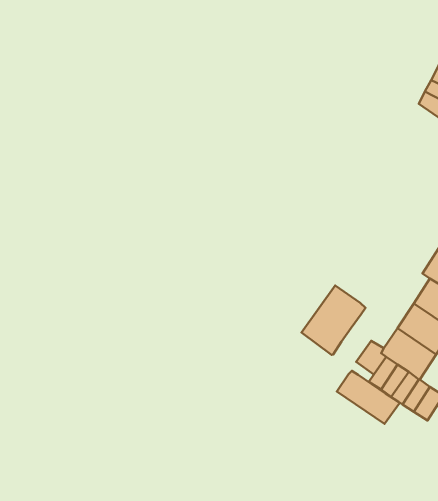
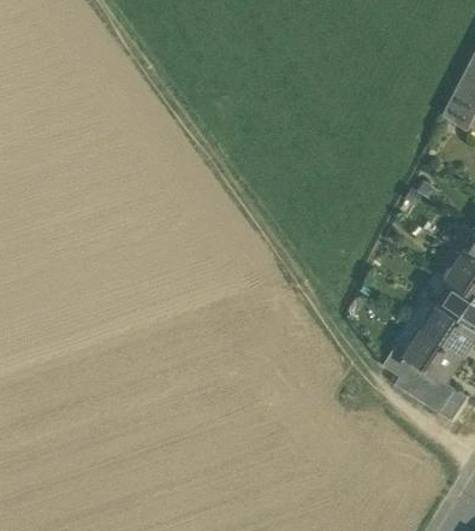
building: [301,285,365,355] -> none
building: [337,371,399,424] -> none

